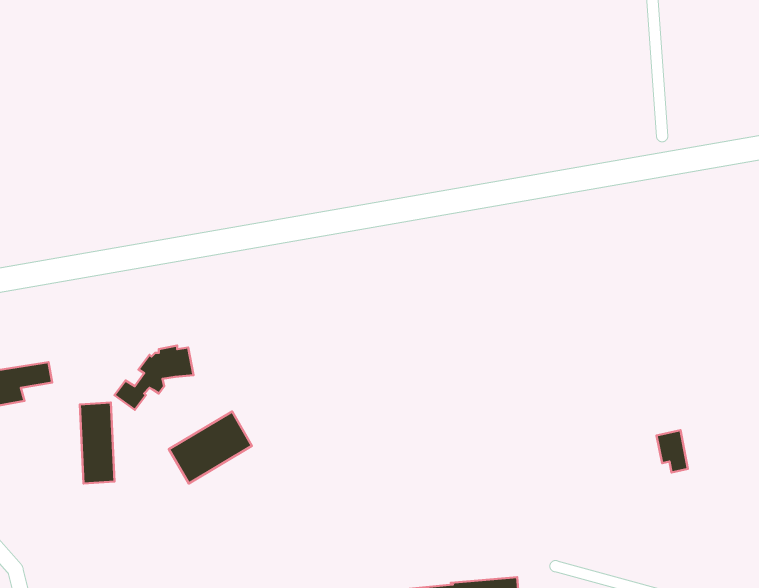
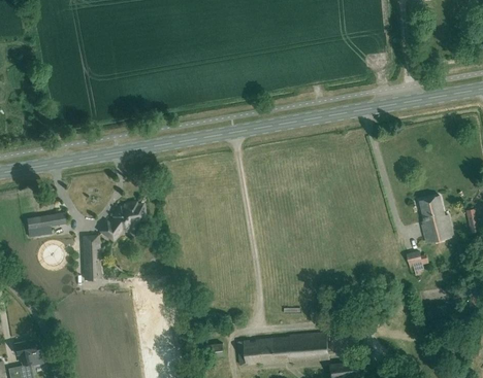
building: none -> [420,196,453,243]
building: [169,412,252,483] -> none

